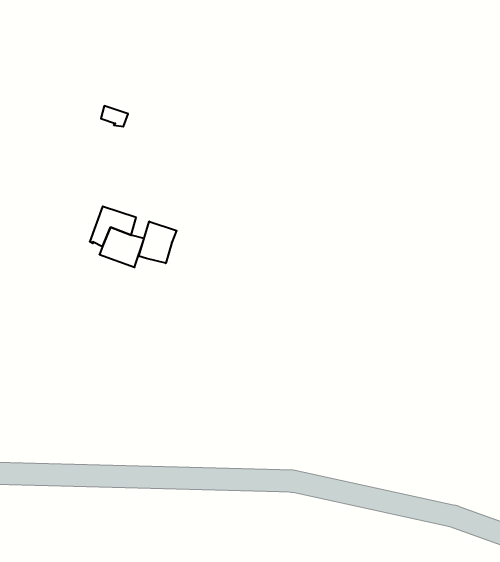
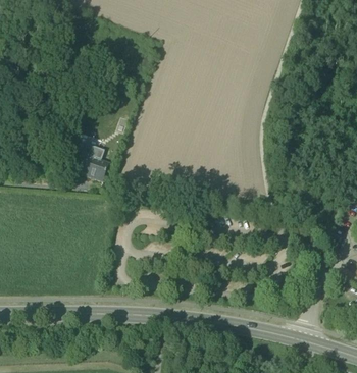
building: [139,221,177,263] -> none

